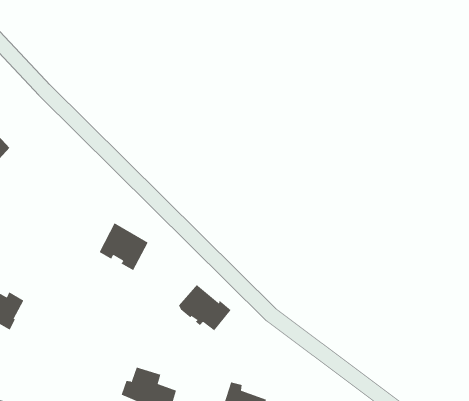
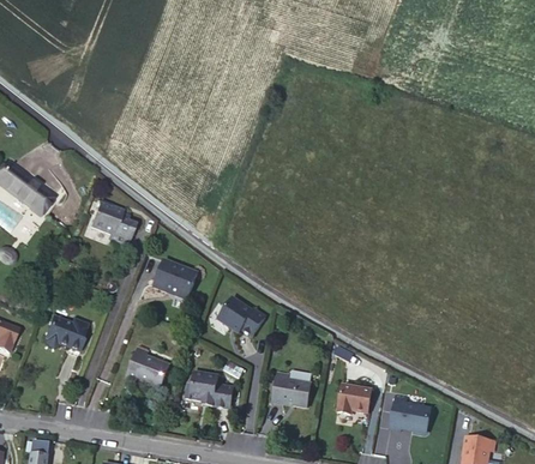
building: none -> [91,205,134,247]
building: none -> [125,348,167,385]

